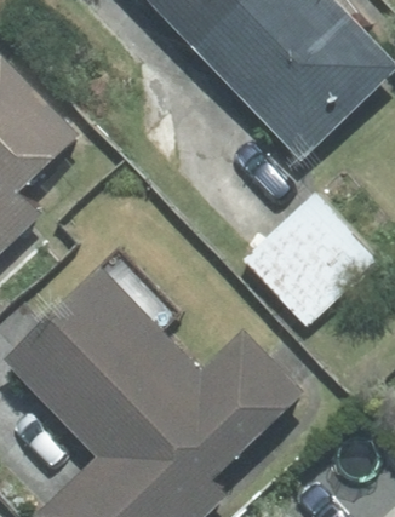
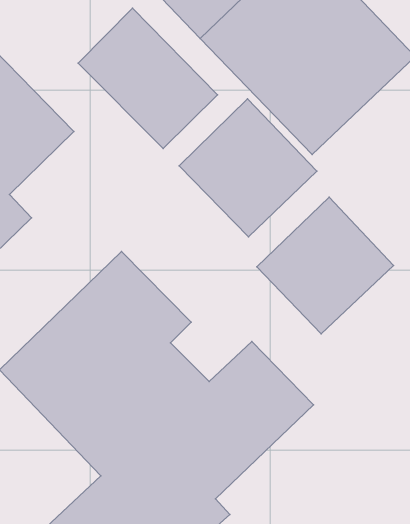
building: none -> [78,8,218,148]
building: none -> [179,99,317,237]

